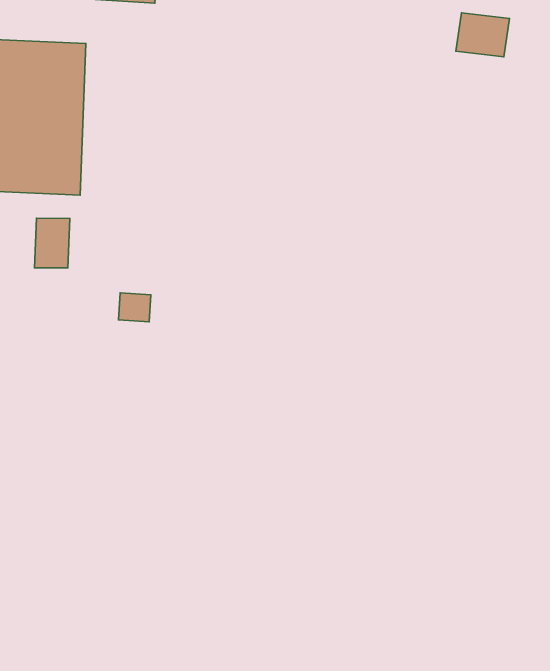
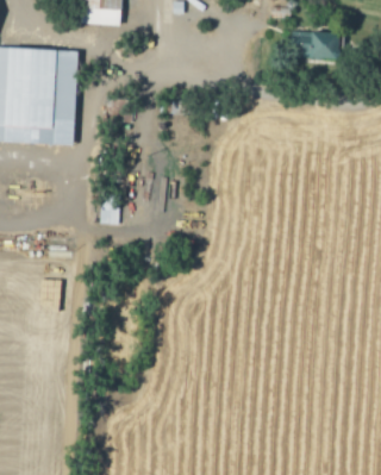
building: [35,218,70,268] -> none

